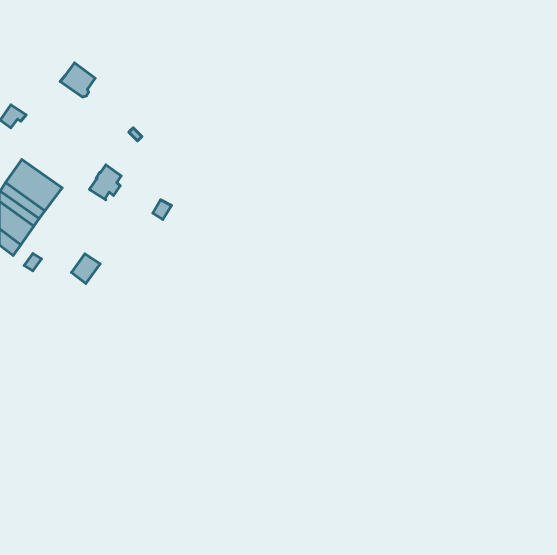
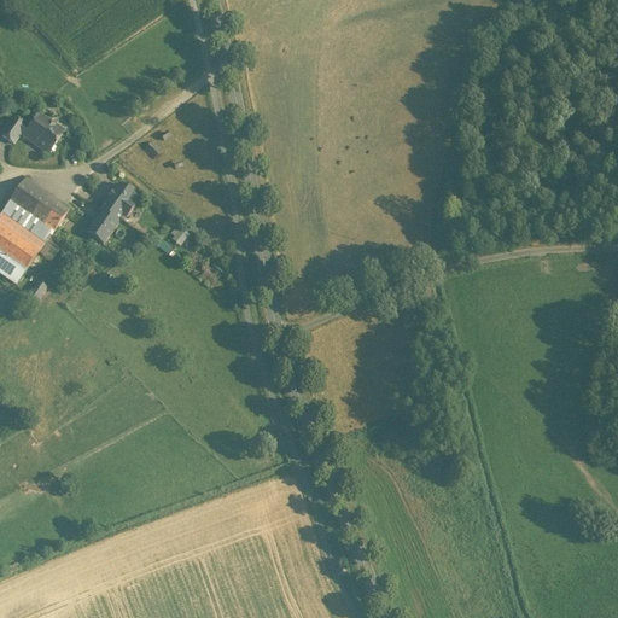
building: [60,63,95,97] -> [23,113,62,151]
building: [72,254,100,283] -> [86,210,117,243]

